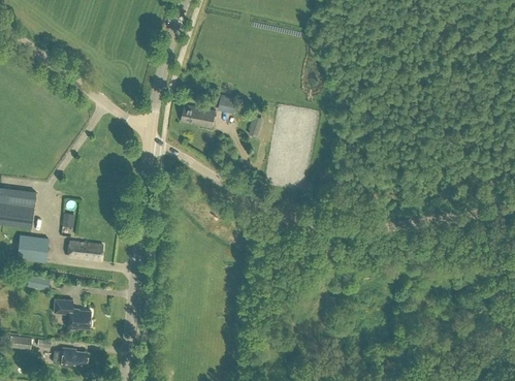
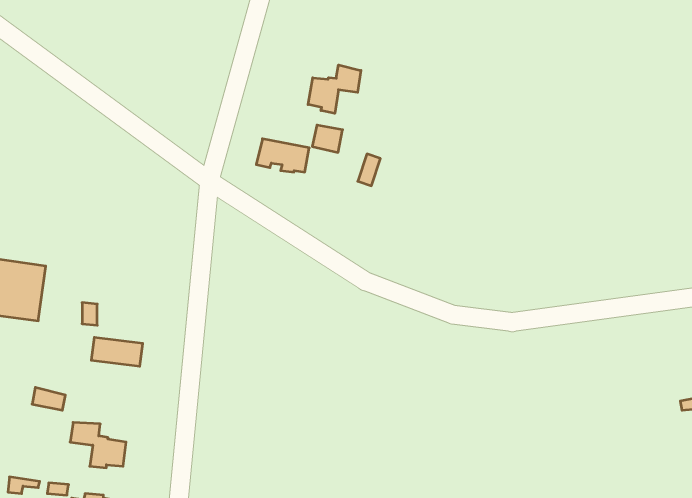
building: none -> [308,65,361,113]
building: [17,235,54,263] -> none

